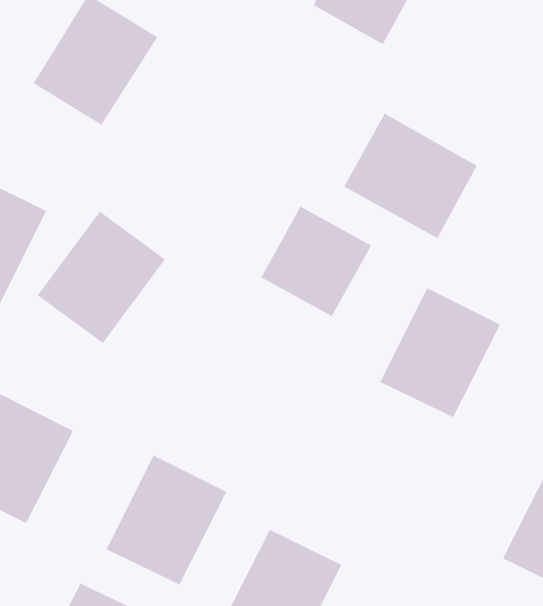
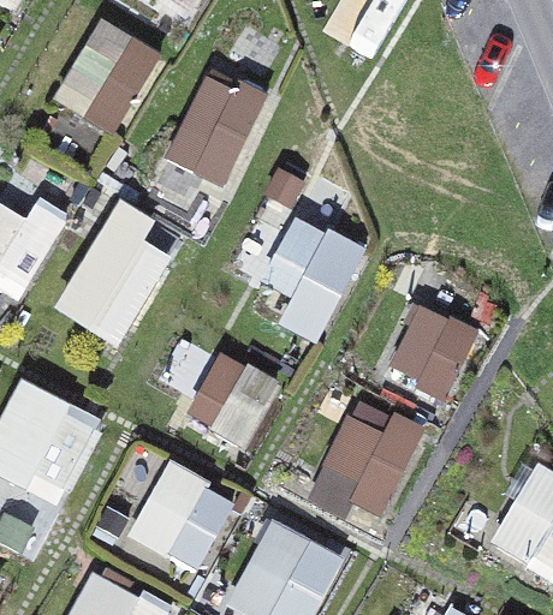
building: none -> [161,73,275,196]
building: [343,113,477,239] -> none
building: none -> [179,351,284,455]
building: none -> [311,398,426,521]

